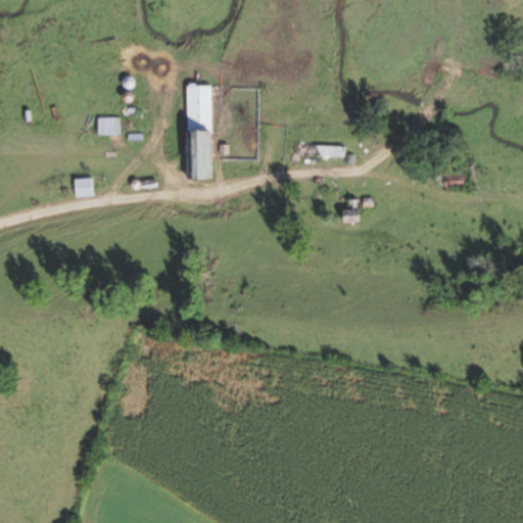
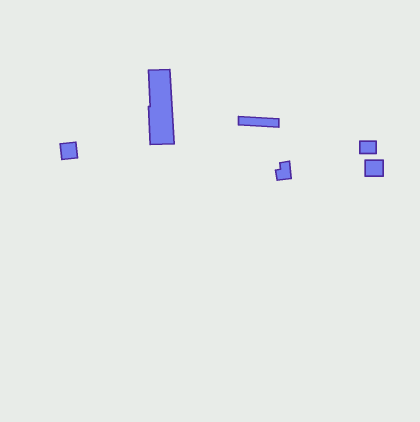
building: [97,117,122,134] -> none
building: none -> [365,160,383,176]

